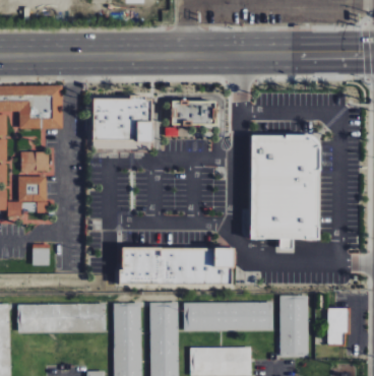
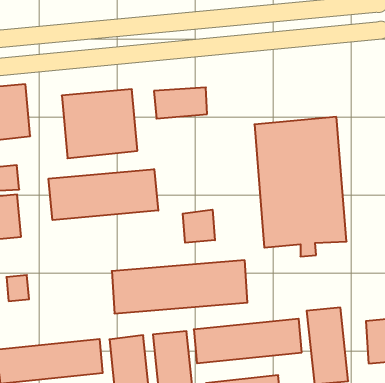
building: none -> [49,169,158,220]
building: none -> [183,210,215,243]

